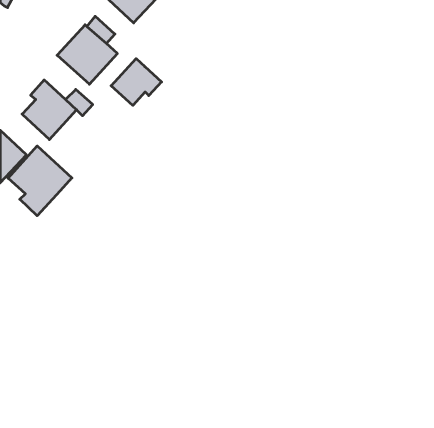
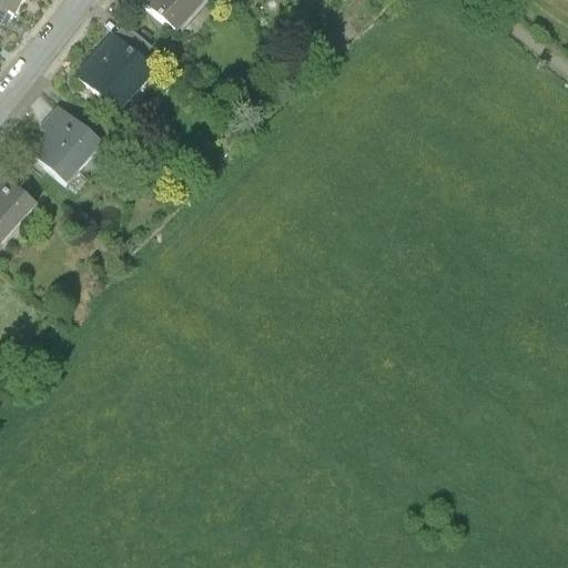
building: [111,59,162,105] -> none
building: [8,146,72,216] -> none

